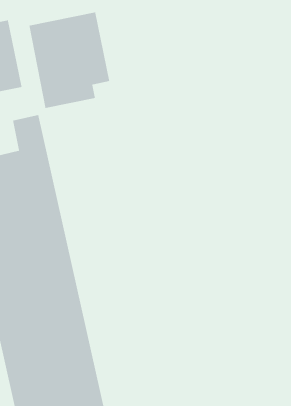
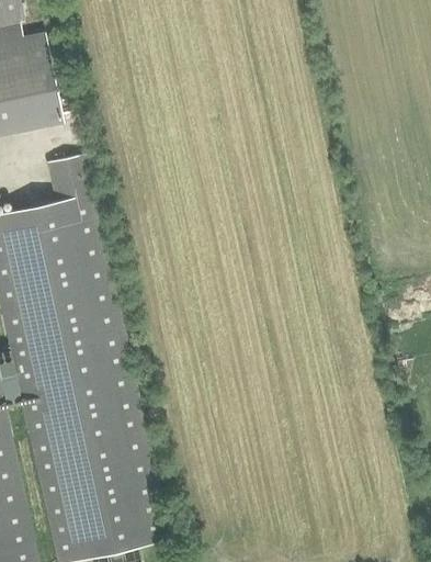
building: [29,11,110,109] -> none

